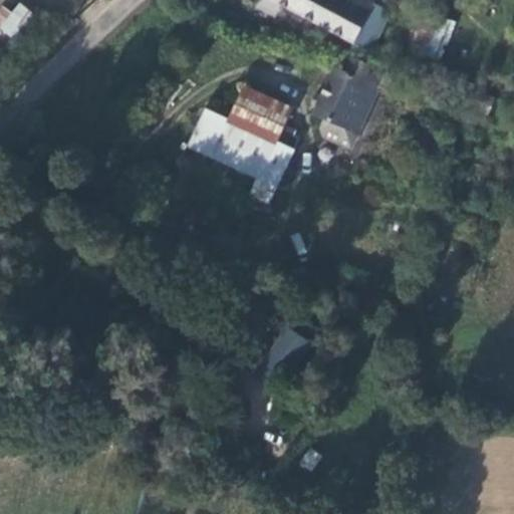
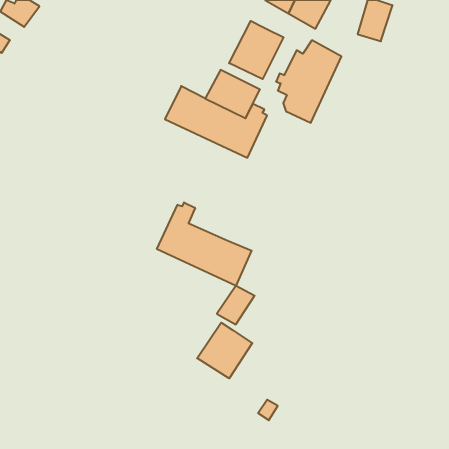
building: none -> [229,21,284,79]
building: none -> [157,202,252,286]
building: none -> [197,323,252,378]

